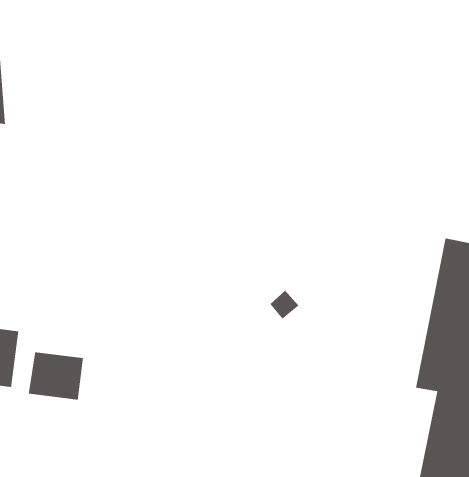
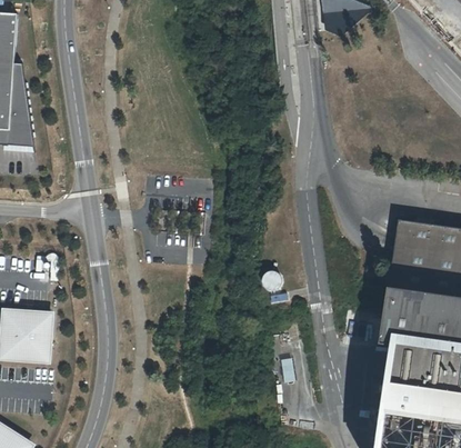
building: [28,351,84,400] -> none

